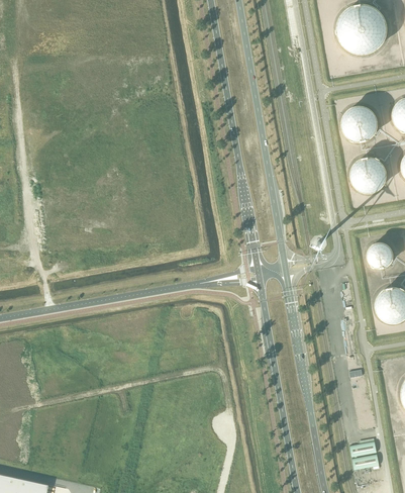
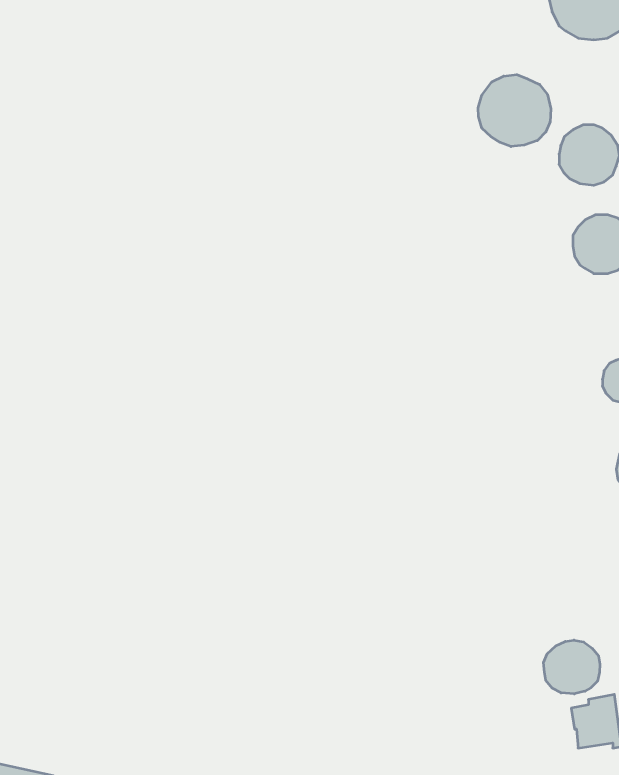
building: none -> [478,75,551,147]
building: none -> [543,640,600,694]

